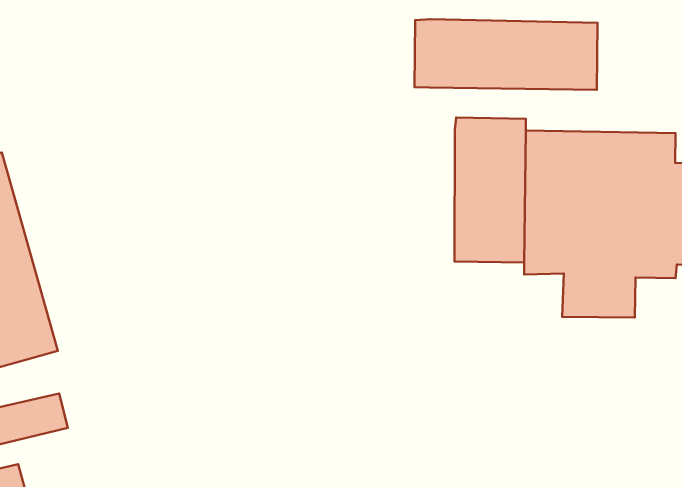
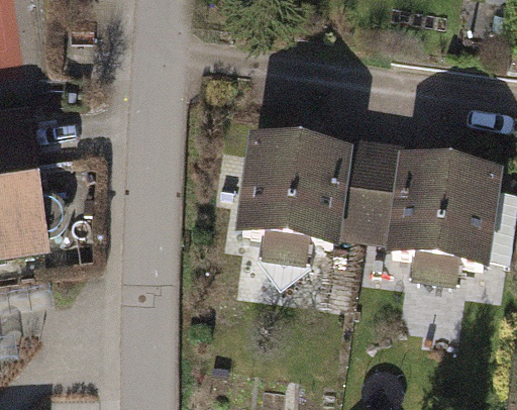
building: [414,19,597,90] -> none
building: none -> [228,130,343,262]

